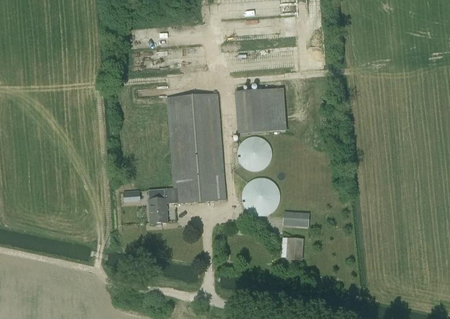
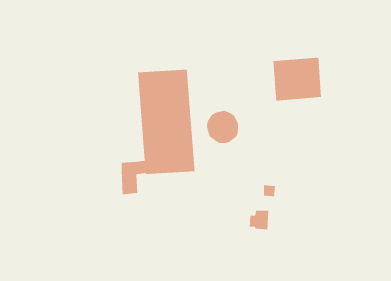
building: [235,87,286,133] -> [273,57,322,101]
building: [242,177,279,215] -> none

